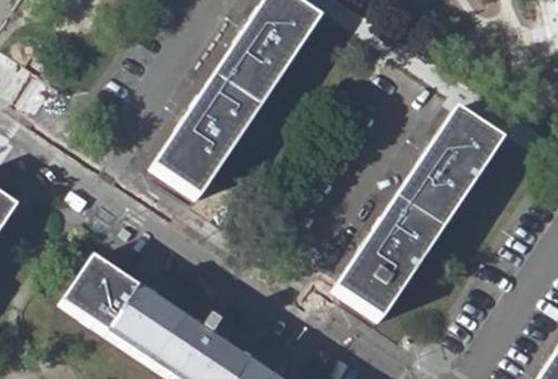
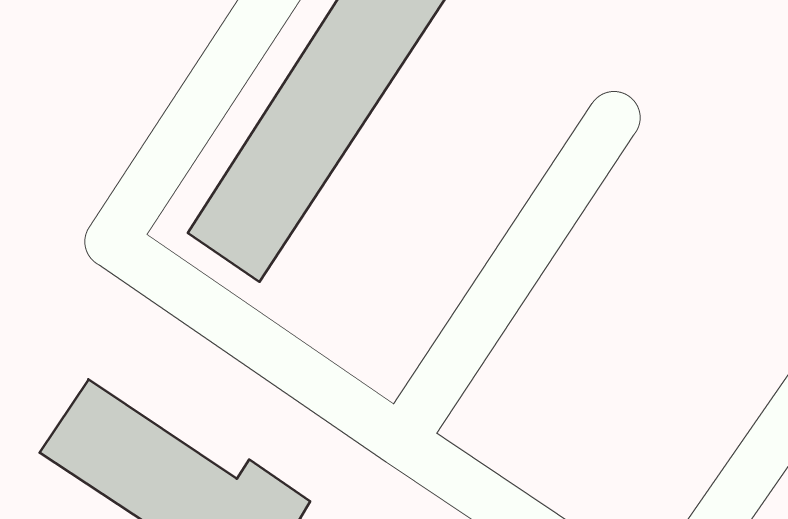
building: [340,105,504,315] -> none

